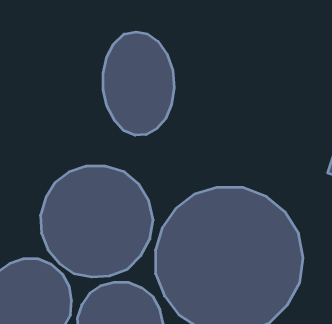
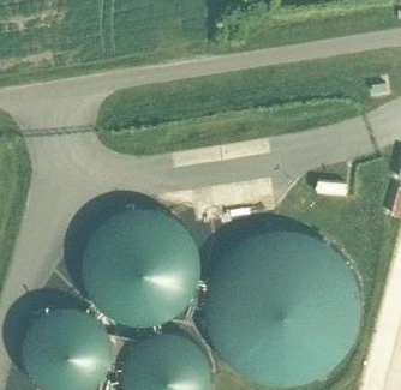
building: [103,32,174,135] -> none

